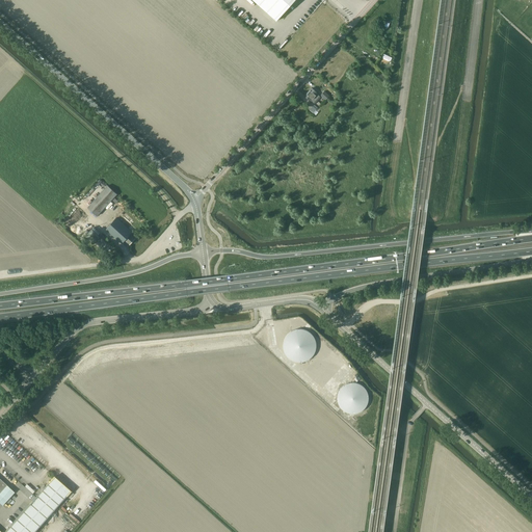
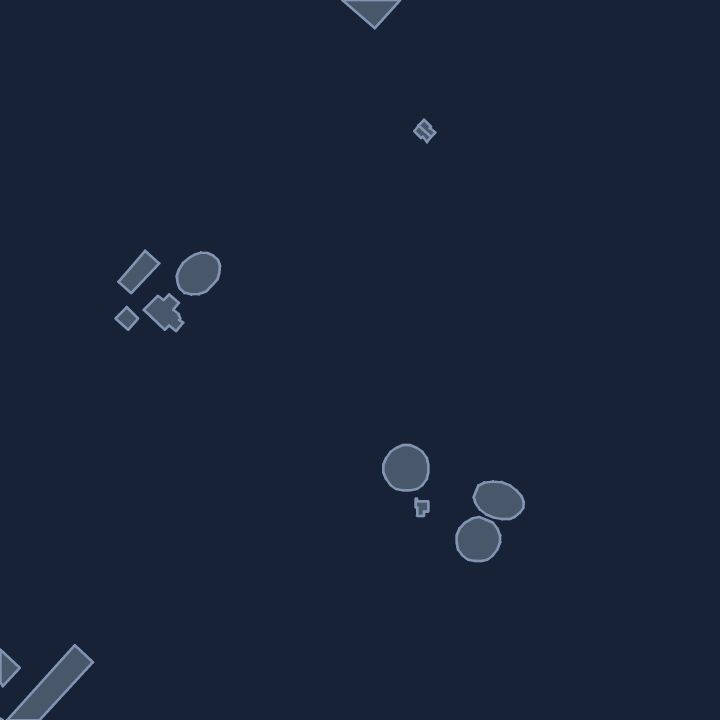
building: none -> [177,252,220,295]
building: none -> [474,481,523,519]

